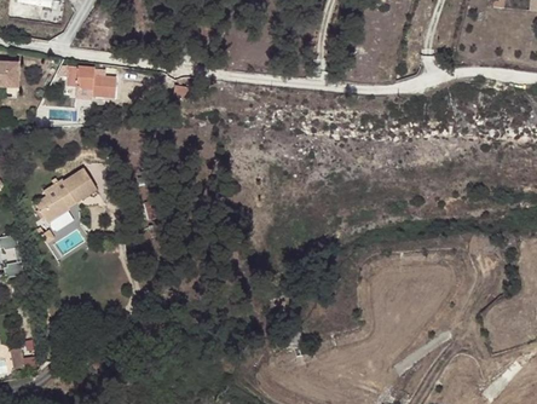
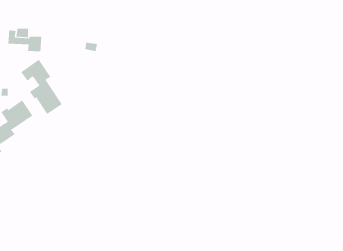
building: none -> [20,59,63,115]

